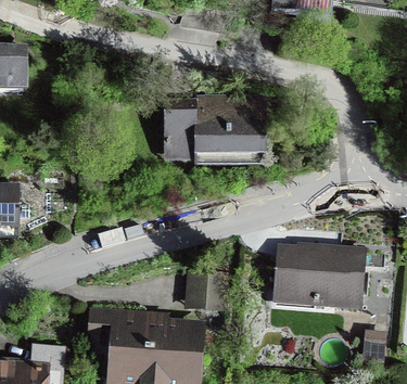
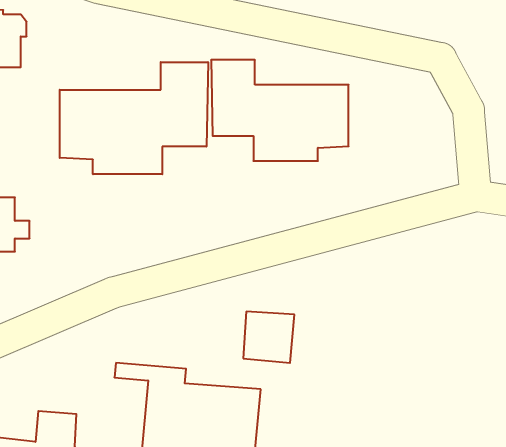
building: none -> [60,62,208,174]
building: [276,249,363,306] -> none

